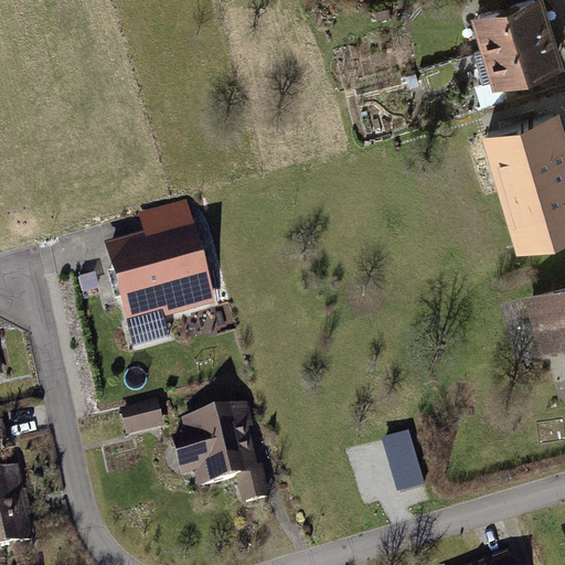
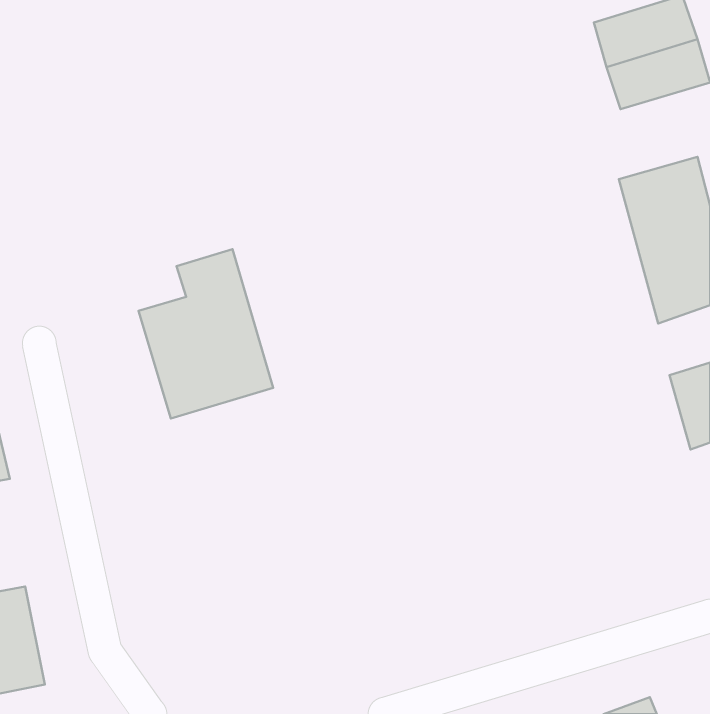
building: [119,399,167,438] -> none
building: [174,403,273,507] -> none
building: [384,427,422,486] -> none

